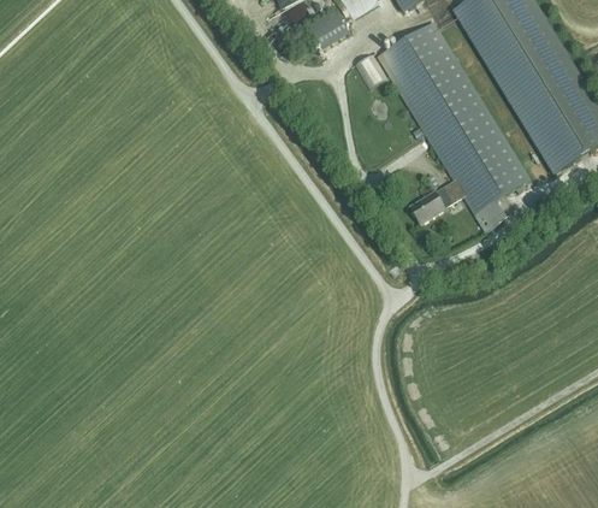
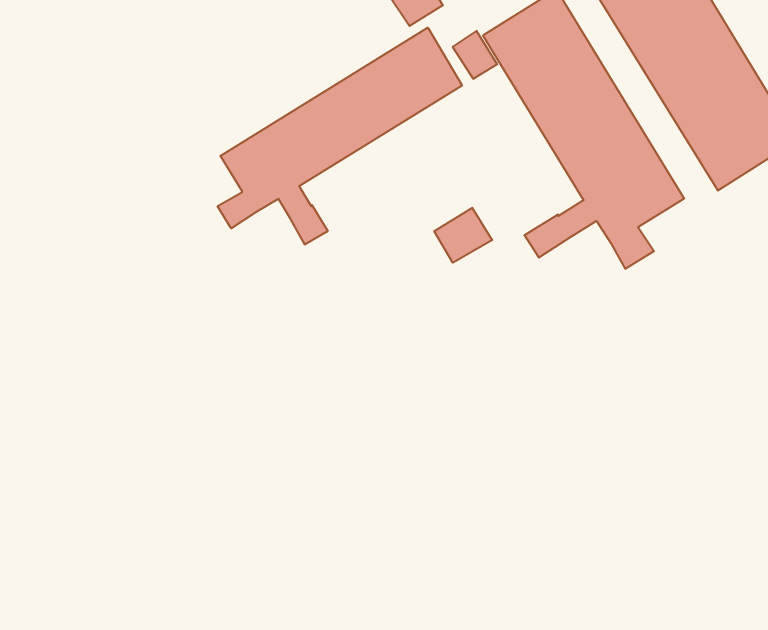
building: none -> [218,28,462,245]
building: none -> [434,208,492,263]

